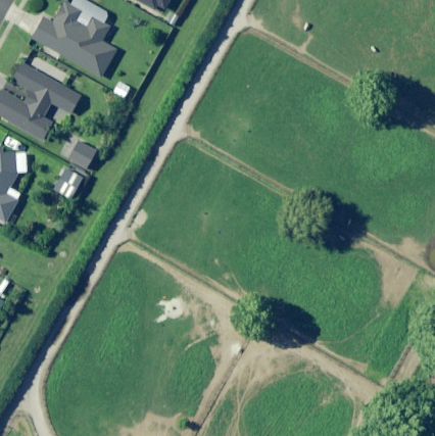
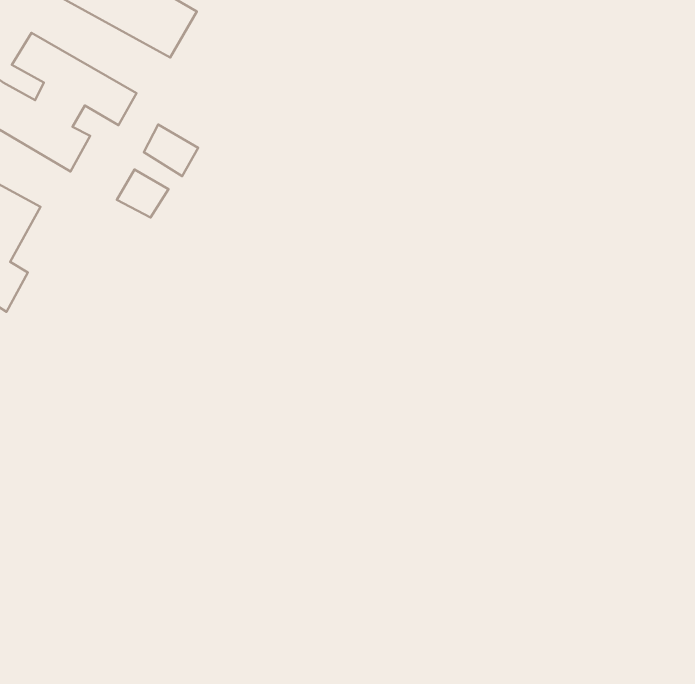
building: none -> [144,125,198,176]
building: [55,165,85,197] -> none

